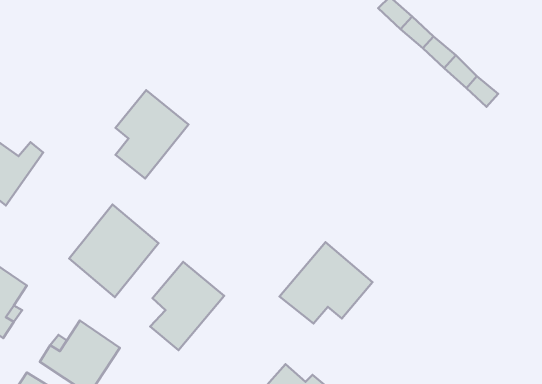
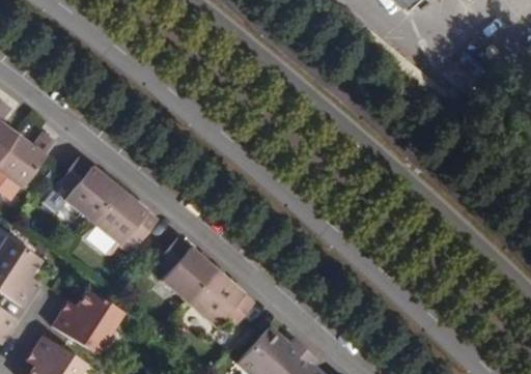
building: [116,90,189,178] -> [53,155,117,233]
building: [280,242,372,323] -> [175,266,257,338]

